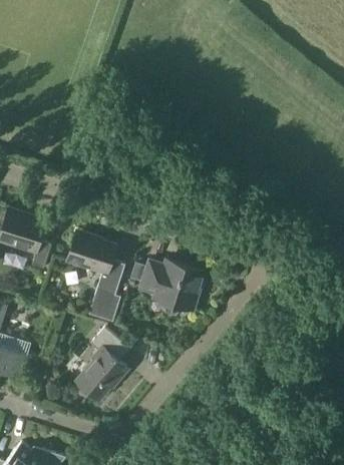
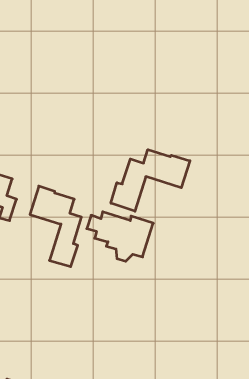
building: none -> [111,150,190,211]
building: [75,328,130,401] -> none

